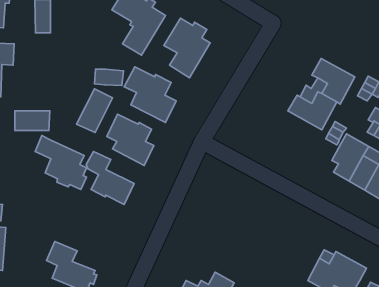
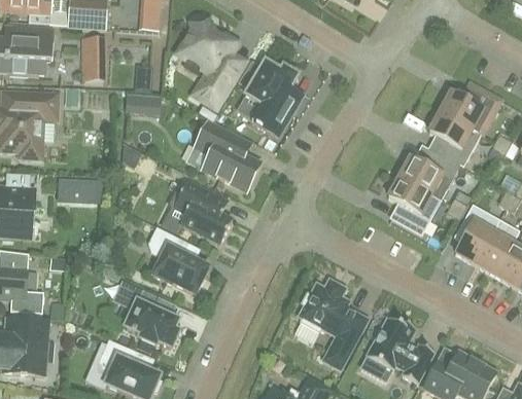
building: none -> [440,82,500,134]
building: [95,69,124,86] -> [125,94,161,114]
building: [77,89,112,132] -> none
building: none -> [387,176,441,233]
building: [35,136,86,189] -> [113,280,177,347]
building: none -> [299,281,368,369]
building: none -> [359,317,433,383]

